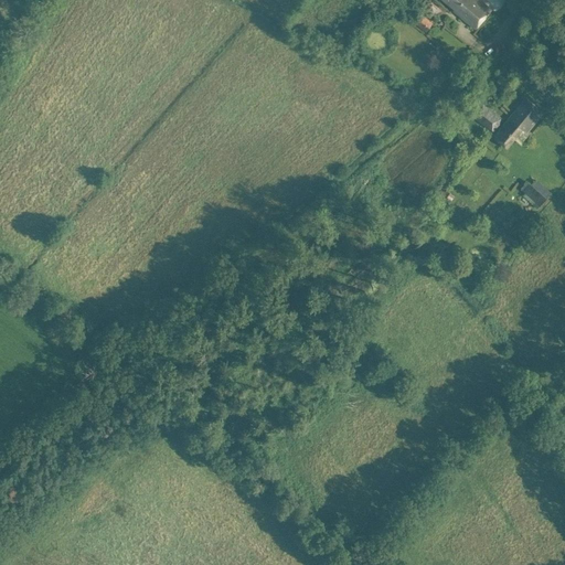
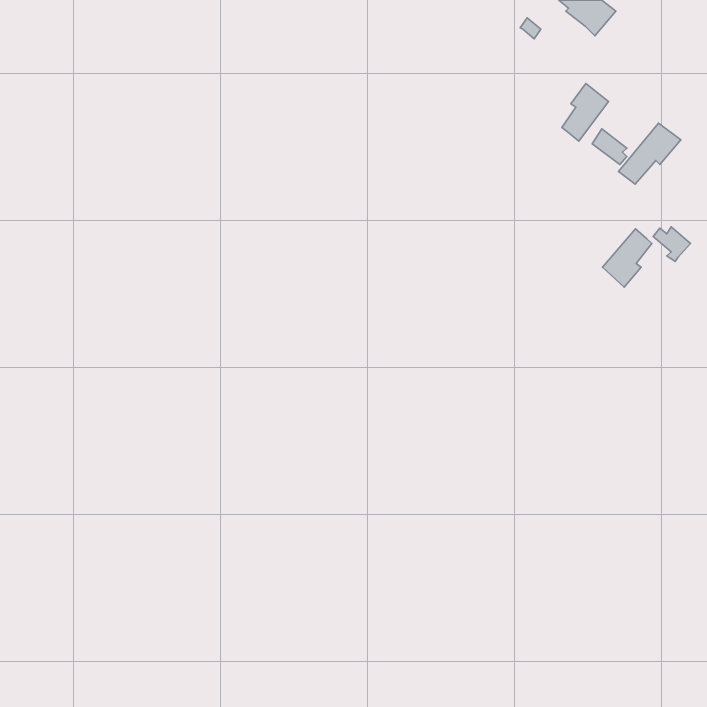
building: none -> [562,83,608,141]
building: none -> [603,229,652,287]

